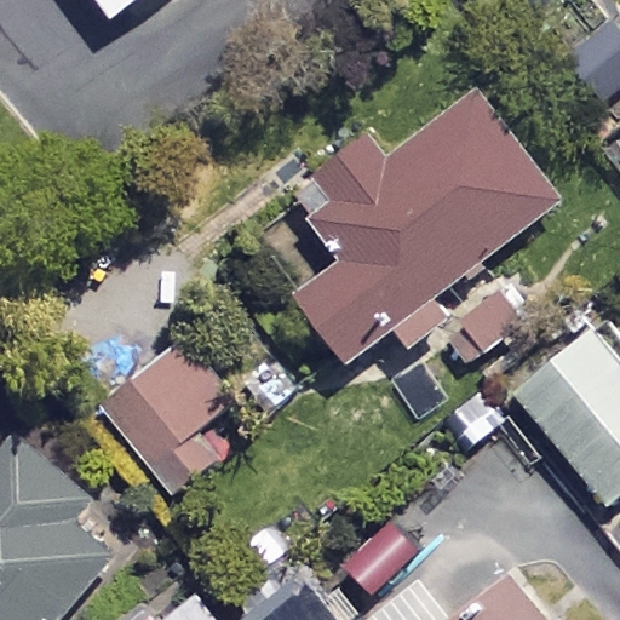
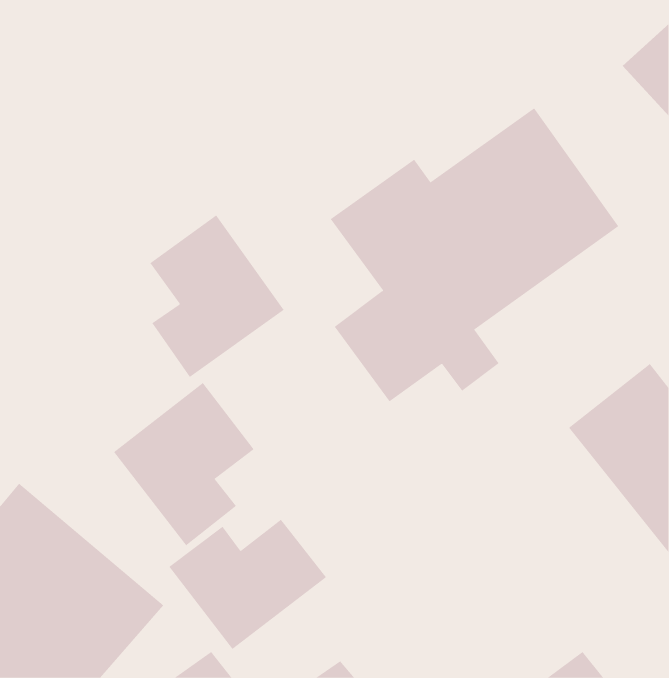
building: none -> [149,214,285,378]
building: none -> [168,519,327,650]

